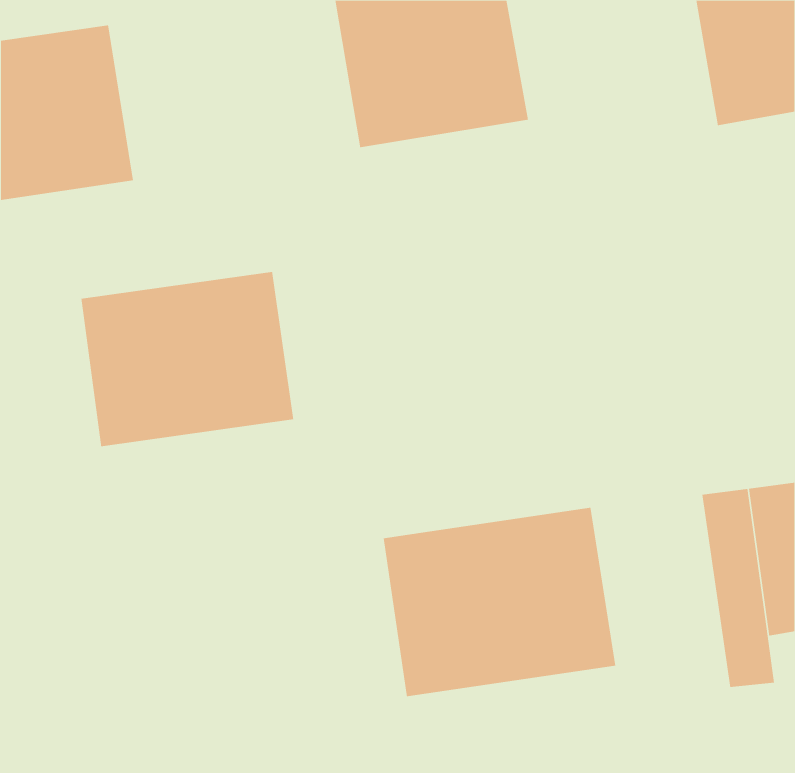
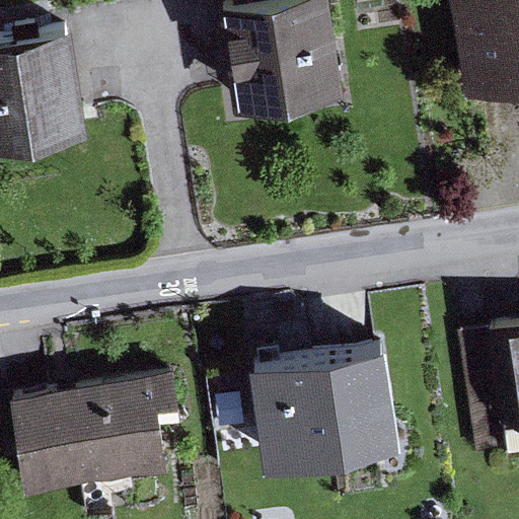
building: [81,271,294,447] -> none
building: none -> [10,374,179,499]

